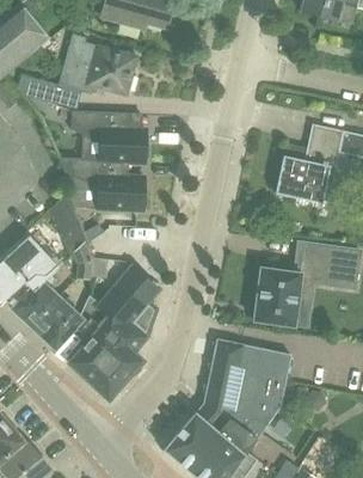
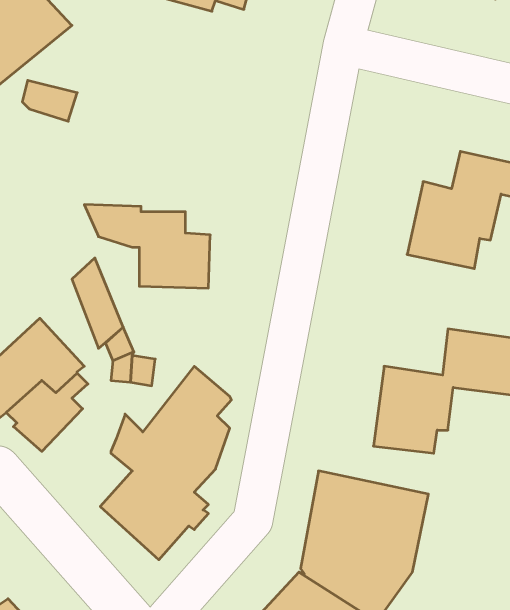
building: [57,32,137,96] -> none
building: [70,112,146,165] -> none
building: [30,296,80,349] -> none

